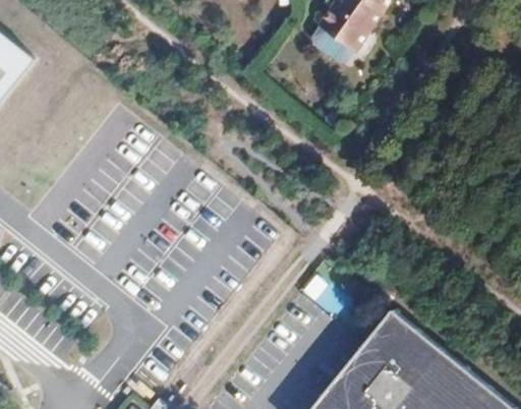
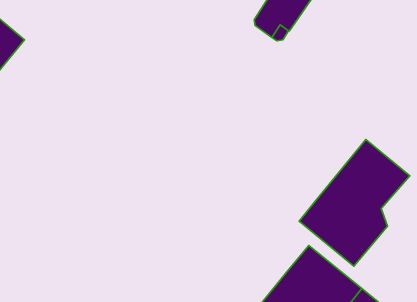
building: none -> [299,139,410,266]

